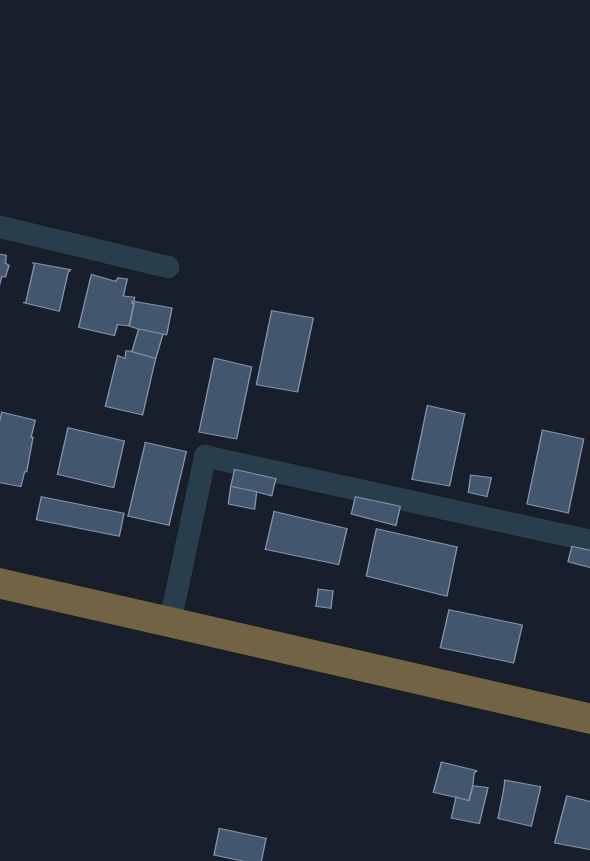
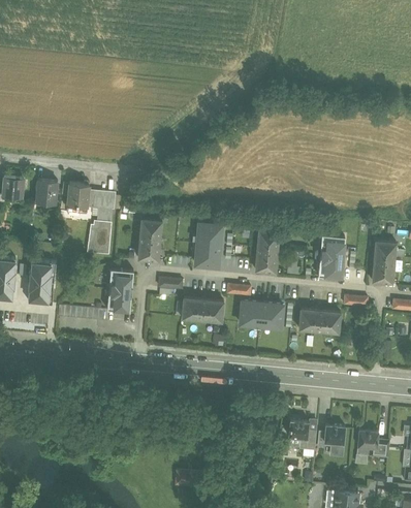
building: [256,311,313,392] -> [195,224,221,265]
building: [57,428,124,488] -> none
building: [440,610,522,663] -> [298,308,341,331]

